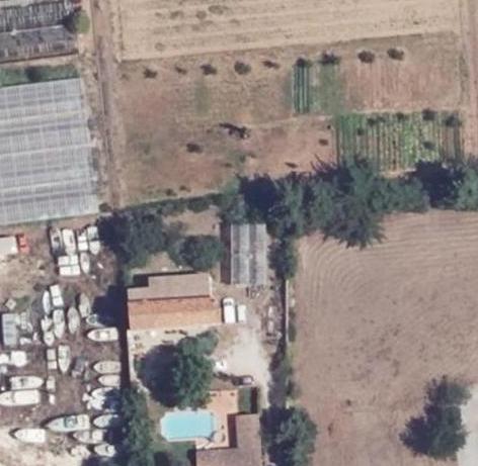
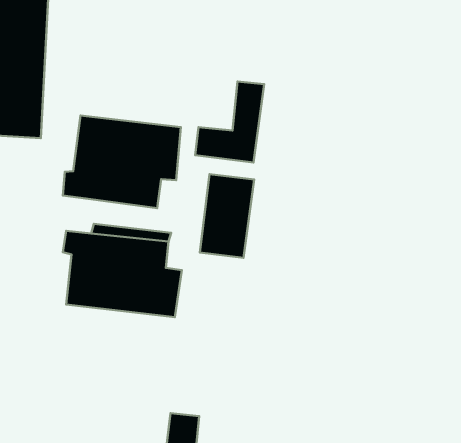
building: none -> [195,81,264,162]
building: none -> [63,116,181,208]

